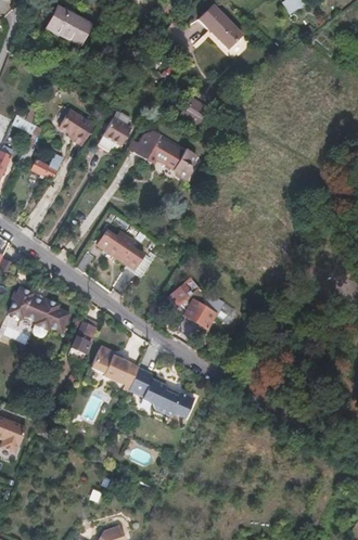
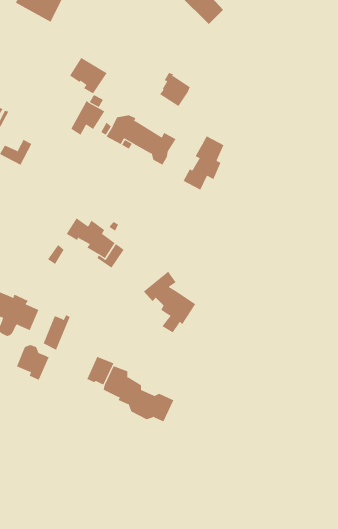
building: [59,110,94,144] -> [69,57,107,94]
building: none -> [183,135,224,191]
building: [92,346,124,380] -> [16,345,50,380]

